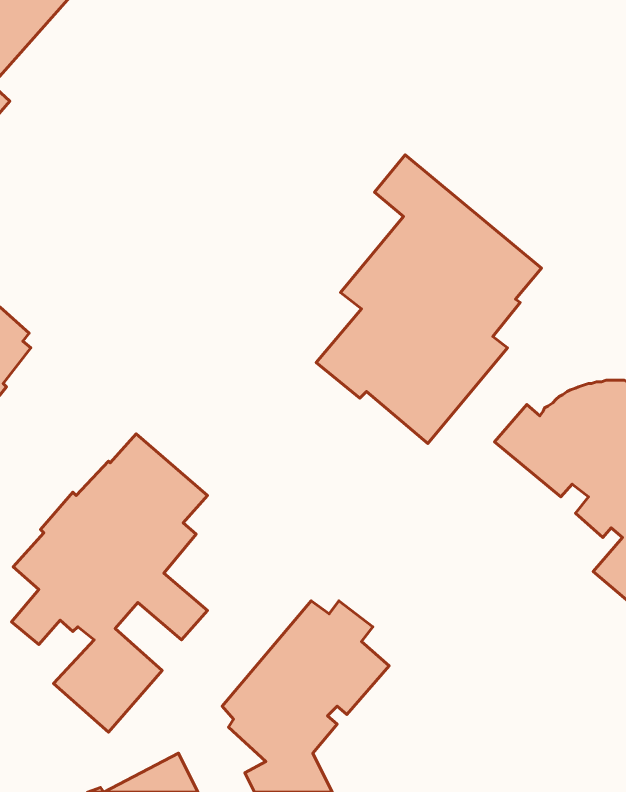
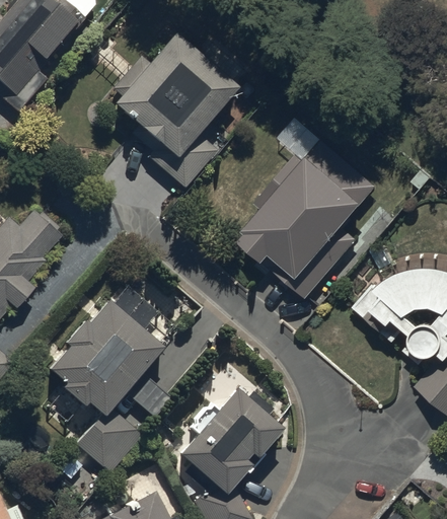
building: none -> [102,34,237,189]

